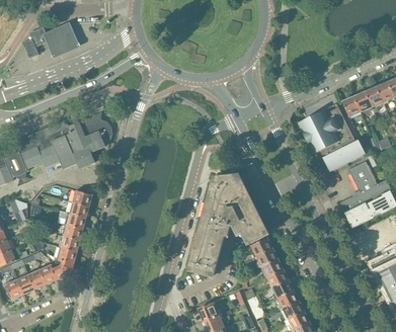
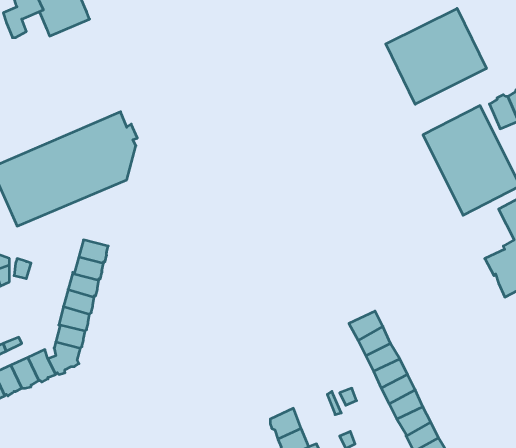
building: none -> [386,8,486,104]
building: [190,176,266,276] -> none

